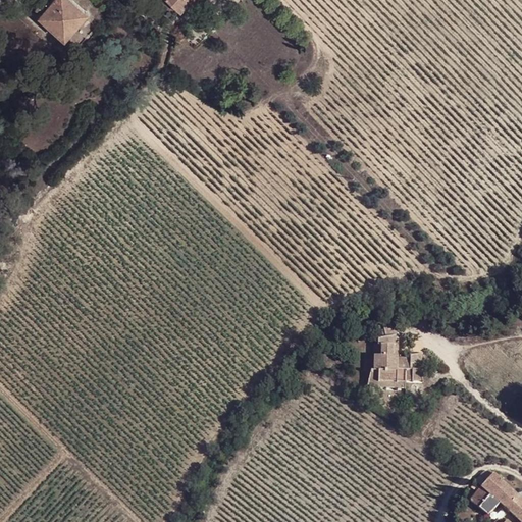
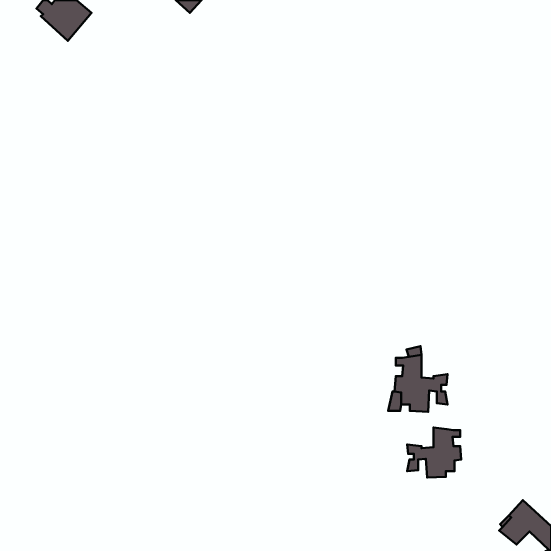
building: none -> [407,427,461,478]

